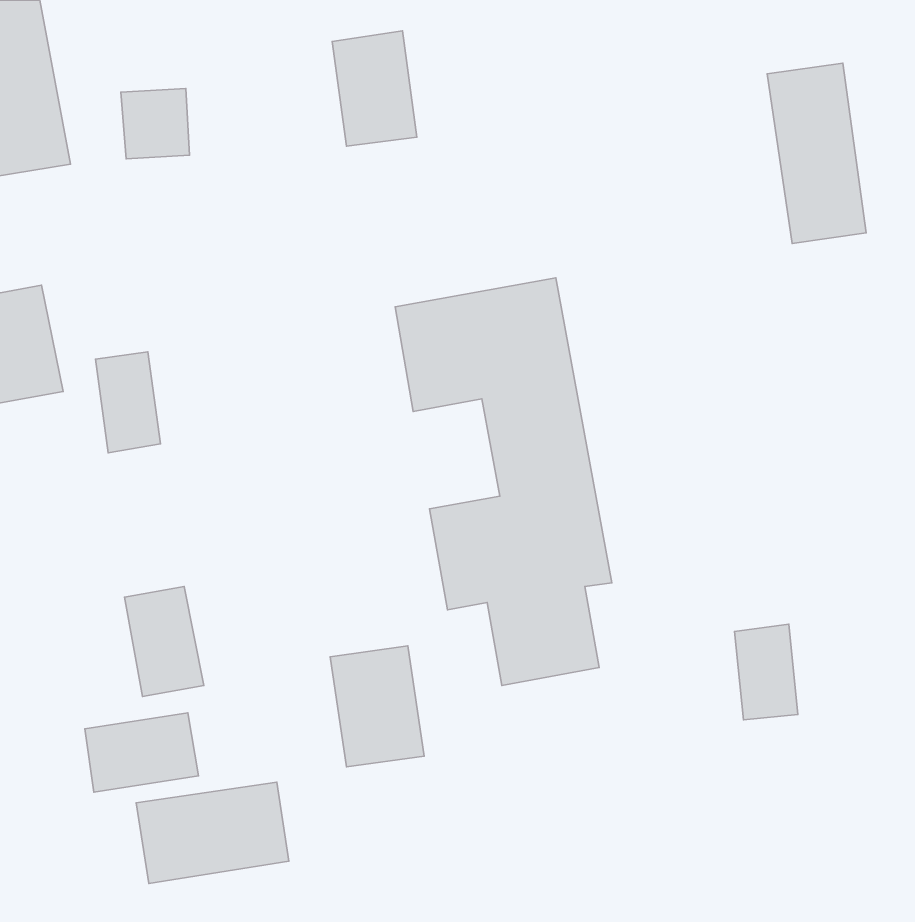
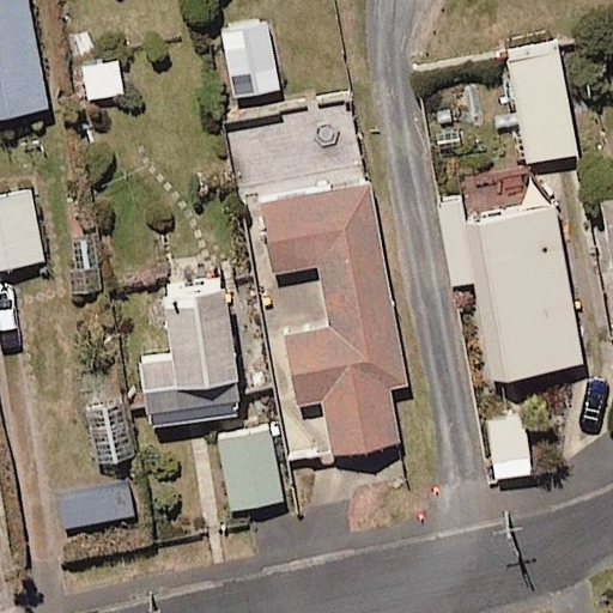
building: none -> [439,195,578,381]
building: none -> [145,289,249,429]
building: [136,782,289,884] -> none

